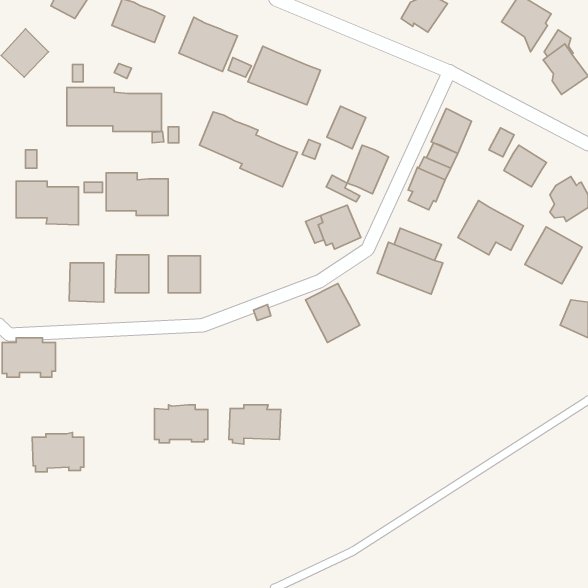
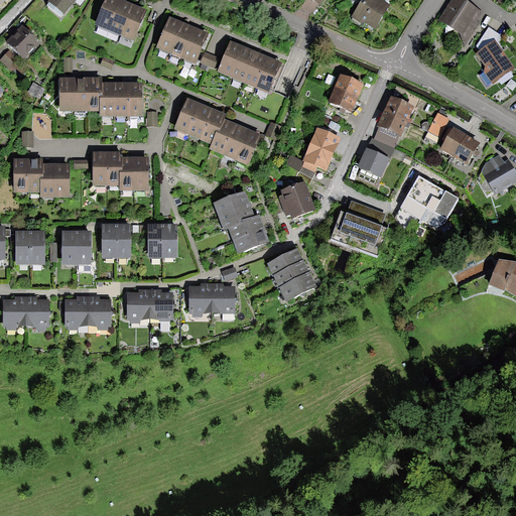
building: [327,106,366,149] -> [328,75,362,112]
building: none -> [213,189,268,253]
building: [525,227,582,284] -> none
building: none -> [15,230,43,263]
building: [229,405,281,444] -> [188,282,234,316]
building: [155,405,208,443] -> [126,288,172,321]
building: [32,433,84,472] -> [64,295,110,330]

